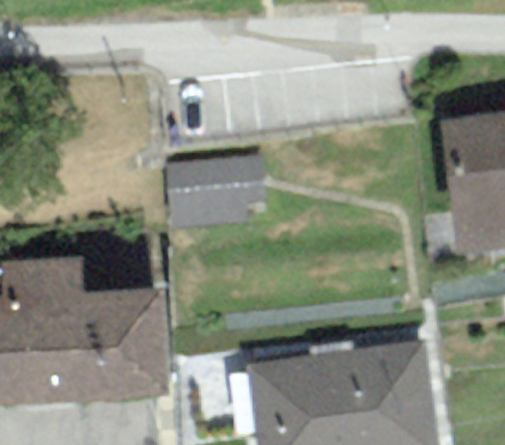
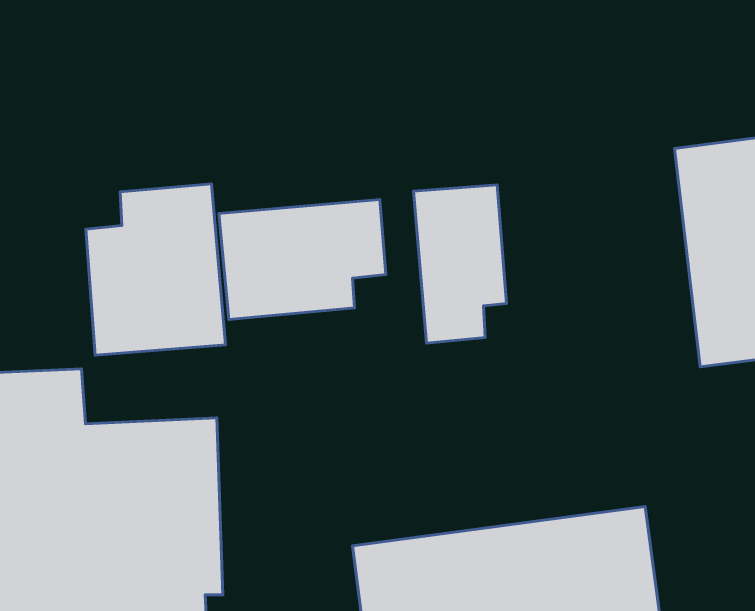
building: none -> [86,184,225,355]
building: none -> [414,185,506,343]

